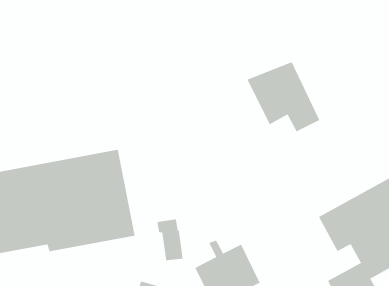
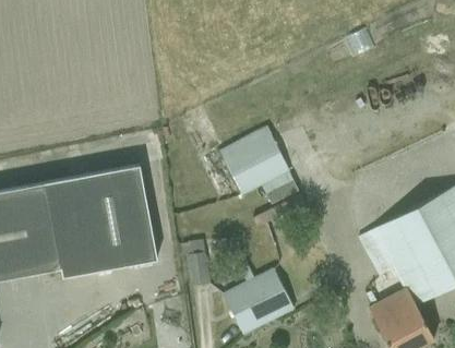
building: [246,61,320,132] -> [216,128,297,205]

